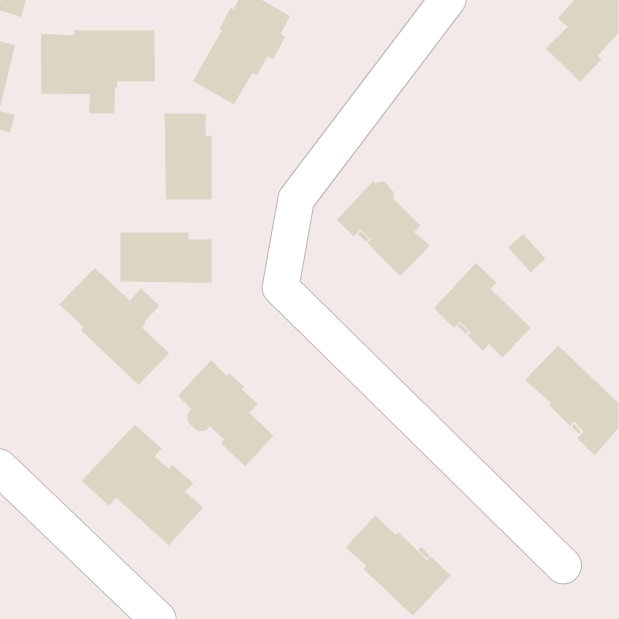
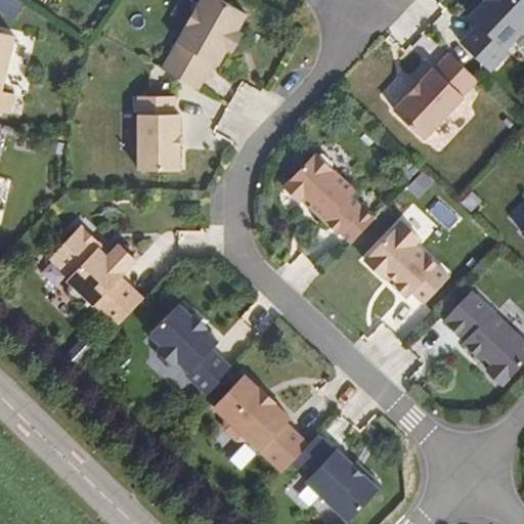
building: [40,29,155,114] -> none
building: none -> [394,53,477,138]
building: [119,232,212,284] -> none
building: [81,424,204,546] -> none
building: none -> [213,374,308,471]

